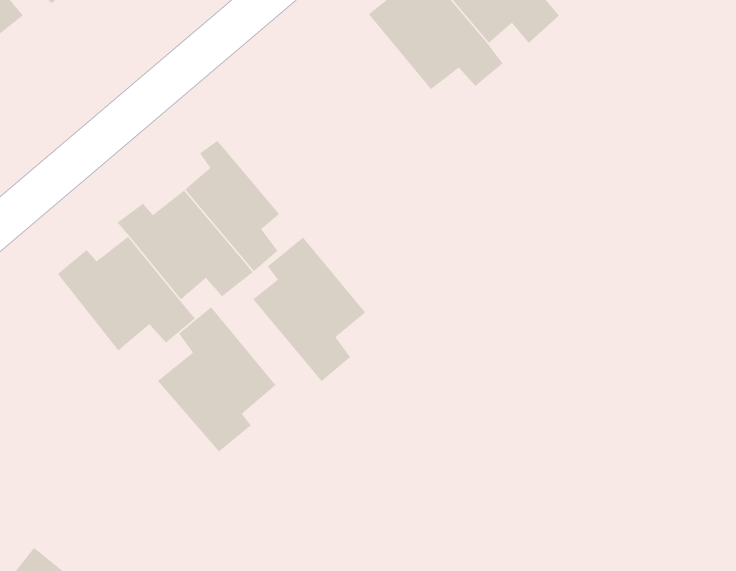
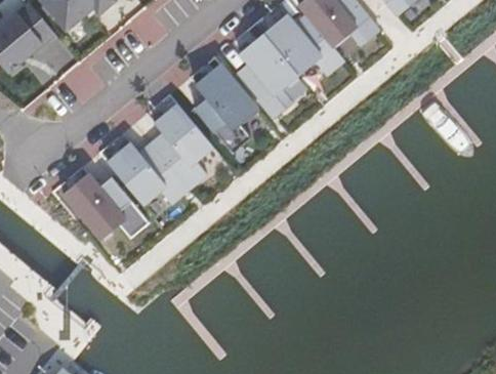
building: none -> [230,28,302,120]
building: [252,236,366,382] -> [184,68,255,158]
building: [157,306,276,453] -> none

